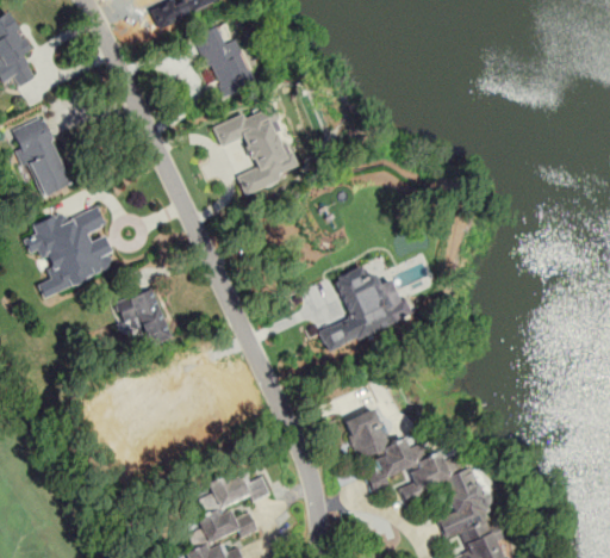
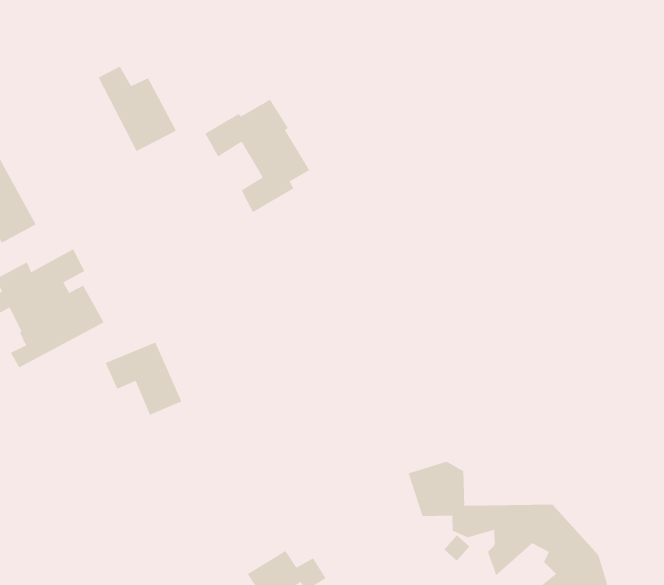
building: [198,26,256,97] -> [98,66,177,152]
building: [318,267,410,349] -> none

